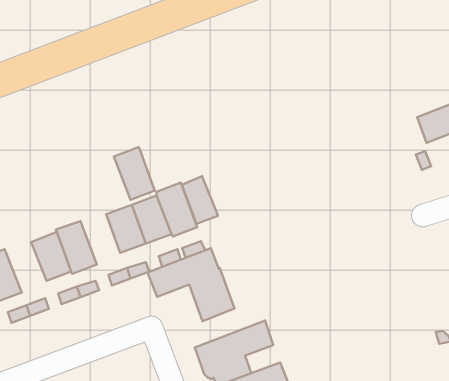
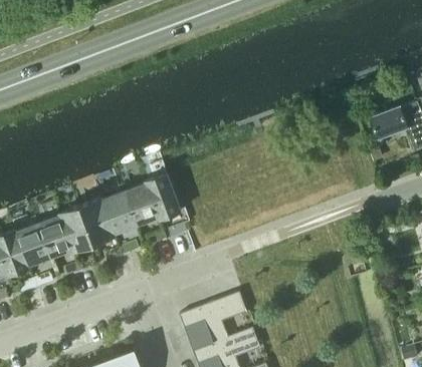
building: [114,147,155,200] -> [80,198,116,243]
building: [182,176,218,224] -> none
building: none -> [16,224,51,265]
building: [148,248,235,321] -> none

